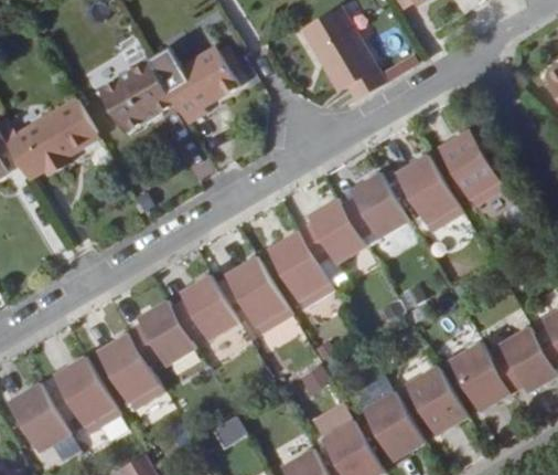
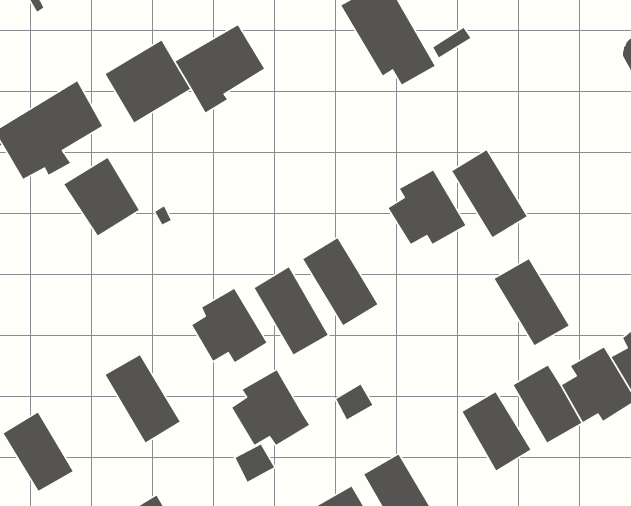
building: [440,130,506,207] -> [493,258,570,346]
building: none -> [63,157,140,236]
building: [298,200,365,265] -> none
building: [127,300,195,367] -> [231,369,310,446]
building: [53,357,118,434] -> none
building: [362,390,422,461] -> none

